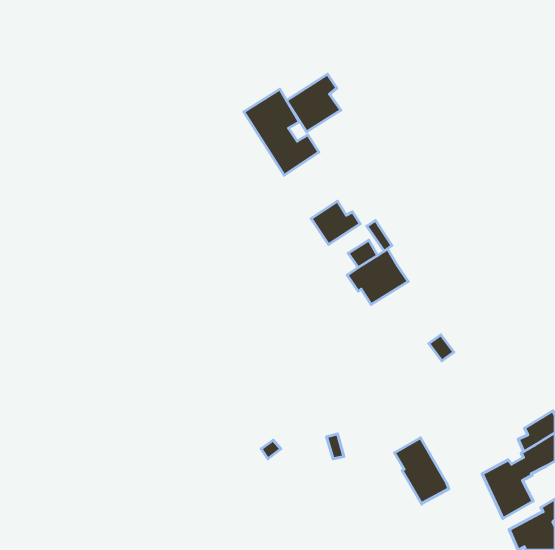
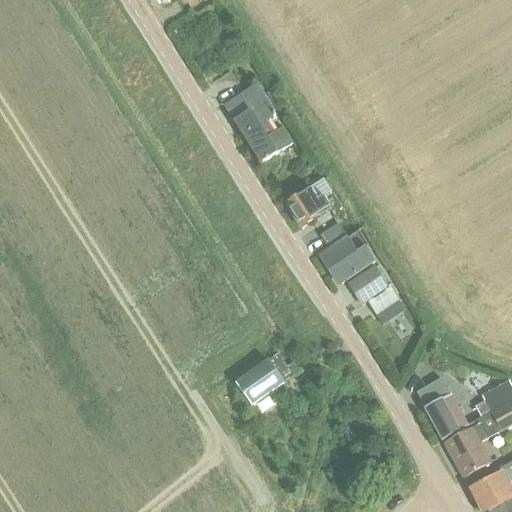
building: [287,74,341,132] -> none
building: none -> [349,265,396,310]
building: none -> [236,351,299,403]
building: [395,438,449,504] -> [417,376,467,437]

